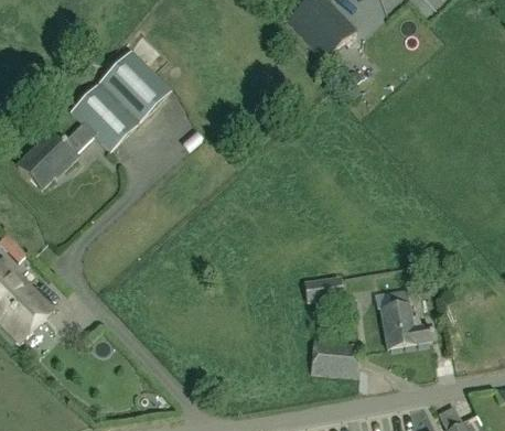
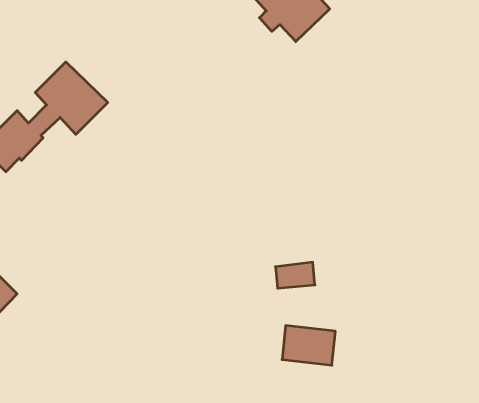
building: [100,52,170,120] -> none
building: [380,289,433,347] -> none

